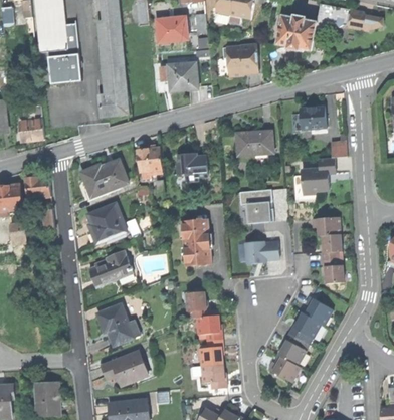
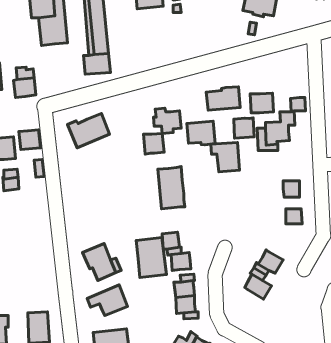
building: [225,43,258,76] -> none
building: [167,62,196,90] -> none
building: [300,106,326,128] -> [250,93,273,113]
building: [138,148,161,171] -> [143,133,164,154]
building: none -> [234,118,254,138]
building: none -> [187,121,215,145]
building: [86,203,125,243] -> none
building: [311,217,340,234] -> none
building: [245,242,279,264] -> none
building: [88,250,132,287] -> none
building: [305,295,332,324] -> none
building: none -> [136,237,167,277]
building: [267,356,300,383] -> none

